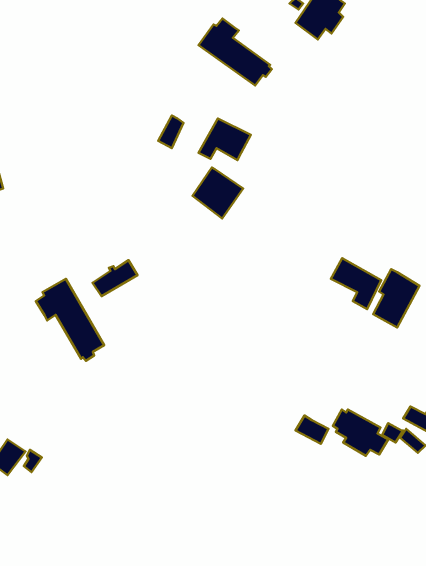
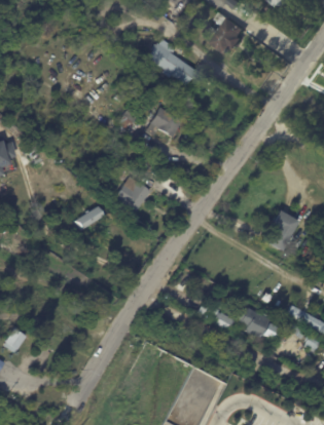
building: [192,168,243,218] -> [115,177,150,211]
building: [331,258,381,309] -> none
building: [36,279,104,361] -> none

